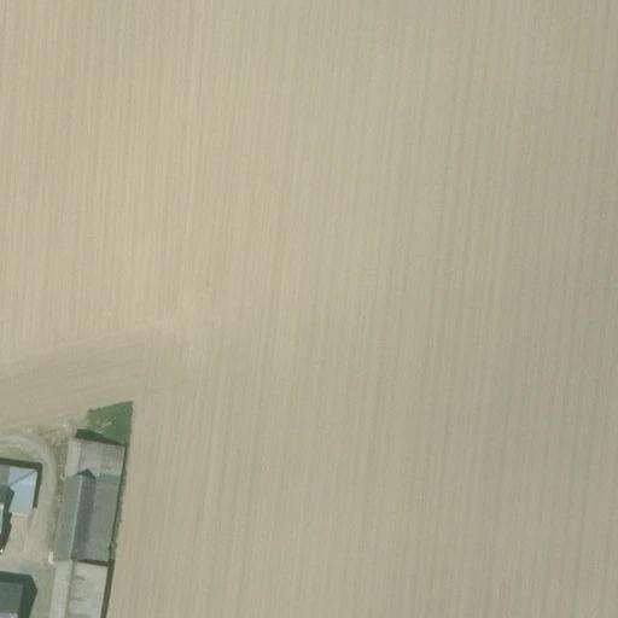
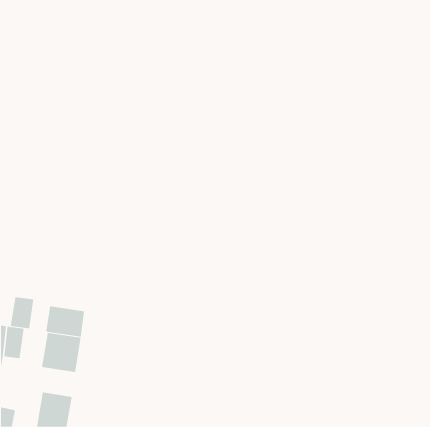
building: none -> [10,297,34,329]
building: [54,527,109,570] -> none

